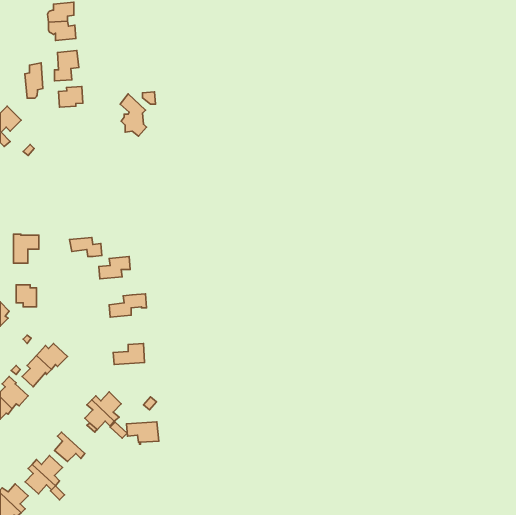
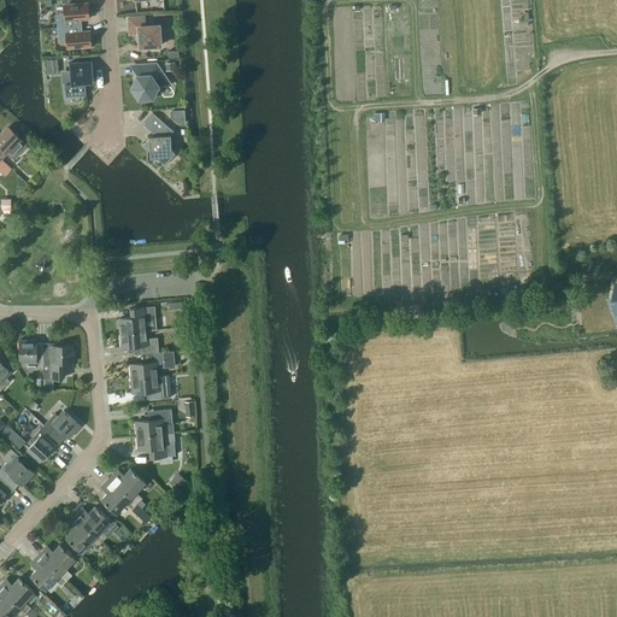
building: none -> [128,17,161,48]
building: none -> [131,65,169,99]
building: [25,63,43,98] -> none
building: [58,87,83,107] -> none
building: [14,234,39,263] -> [43,345,74,380]
building: [70,237,102,257] -> [119,331,158,354]
building: none -> [131,377,170,400]
building: [126,422,159,444] -> [136,434,175,460]
building: none -> [74,507,110,542]

